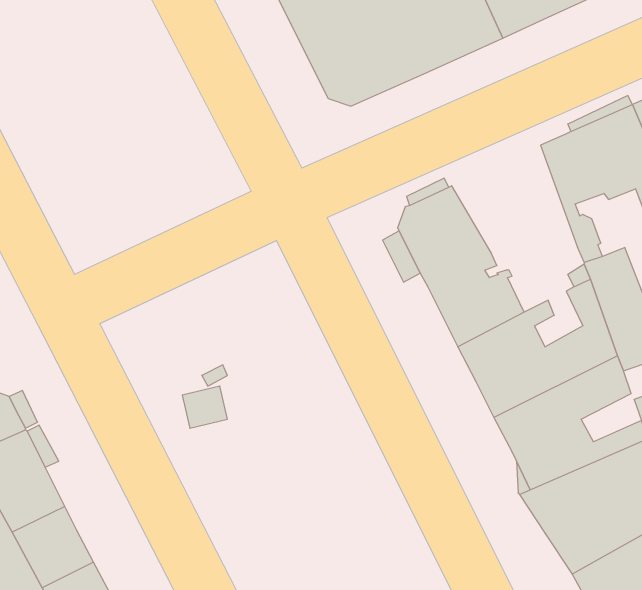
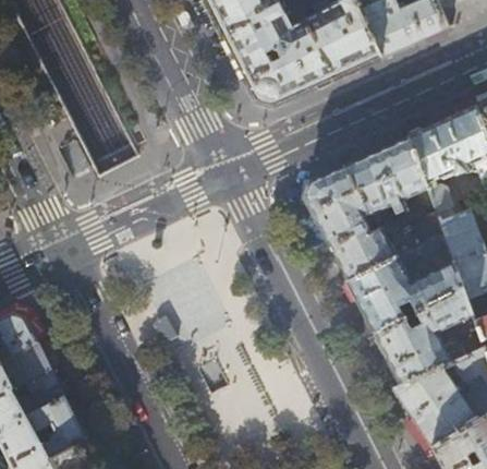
building: none -> [345,135,437,228]

